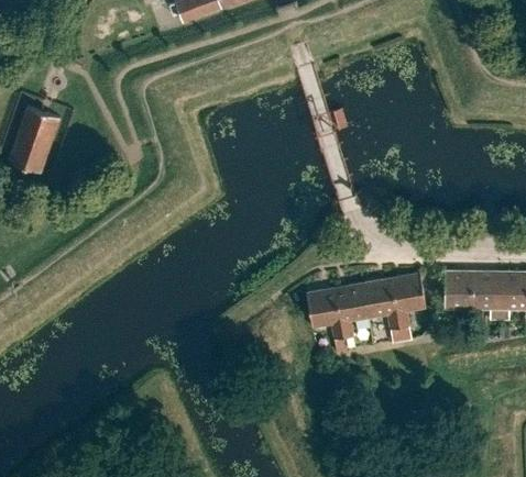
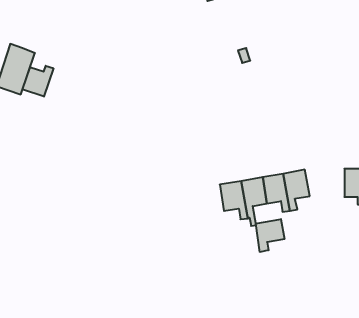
building: none -> [23,66,53,97]
building: [445,270,473,319] -> none
building: none -> [256,219,284,252]

